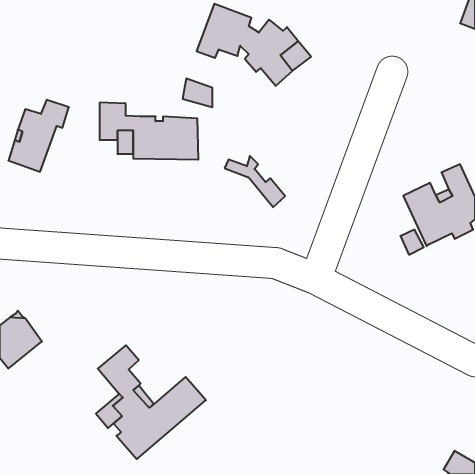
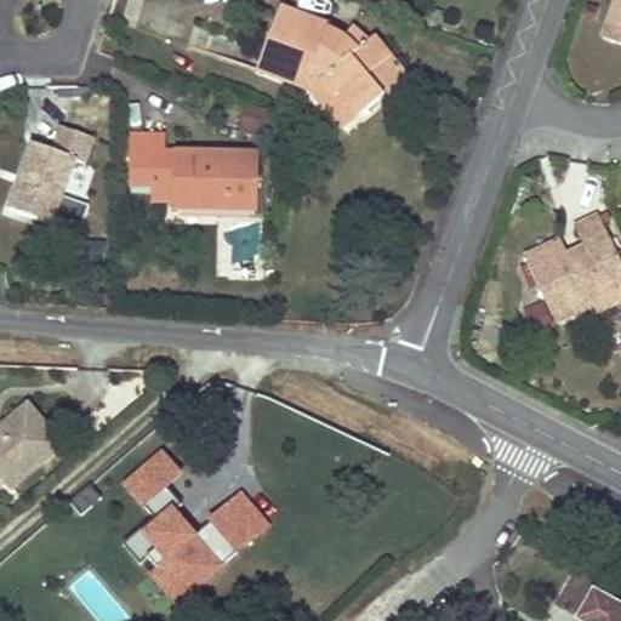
building: [225,156,285,207] -> [280,59,359,126]

